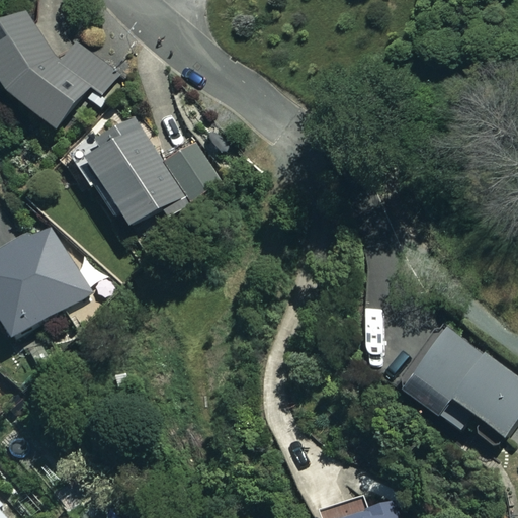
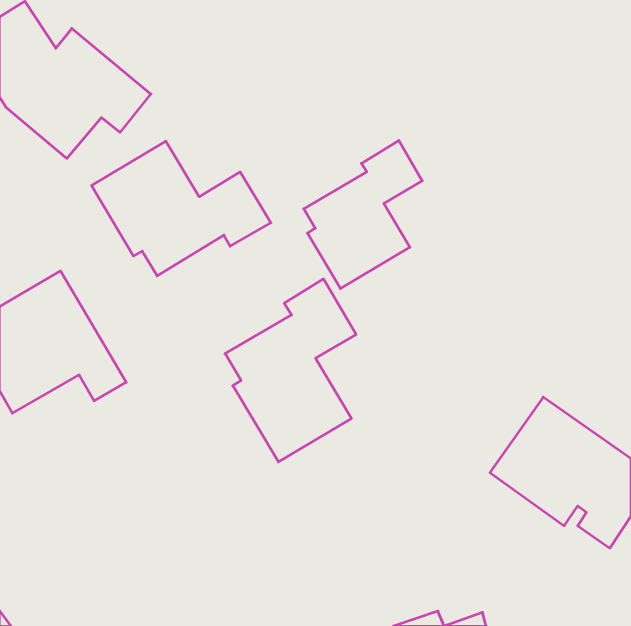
building: none -> [304,140,422,289]
building: none -> [225,279,356,462]

